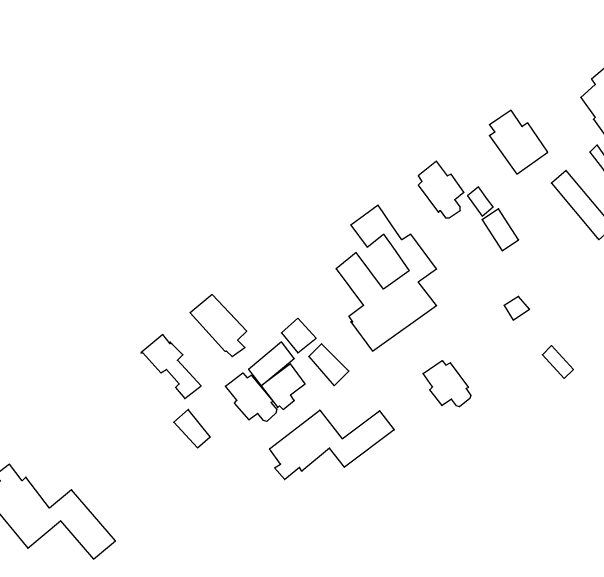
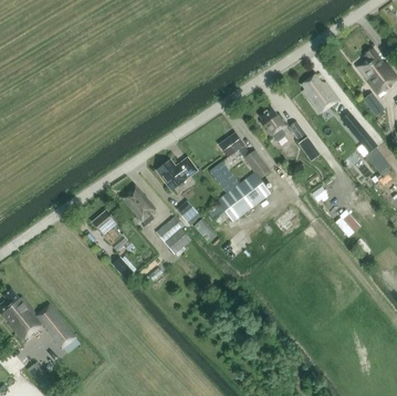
building: none -> [157,158,197,190]
building: [423,361,471,407] -> none
building: [225,373,277,421] -> none
building: [270,410,394,480] -> none

